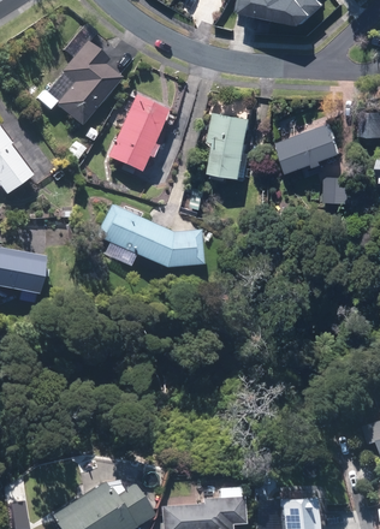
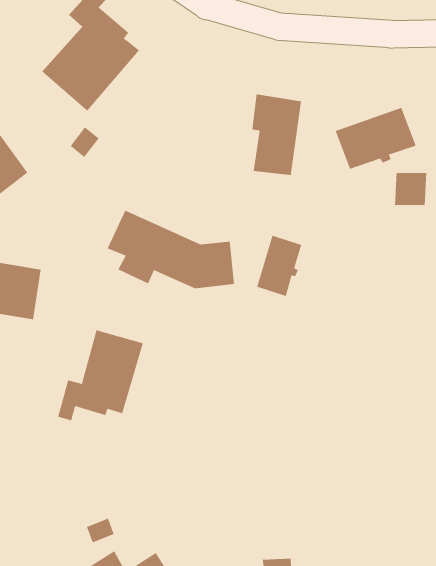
building: [105,89,171,173] -> none
building: none -> [257,235,302,297]
building: none -> [58,330,144,421]

